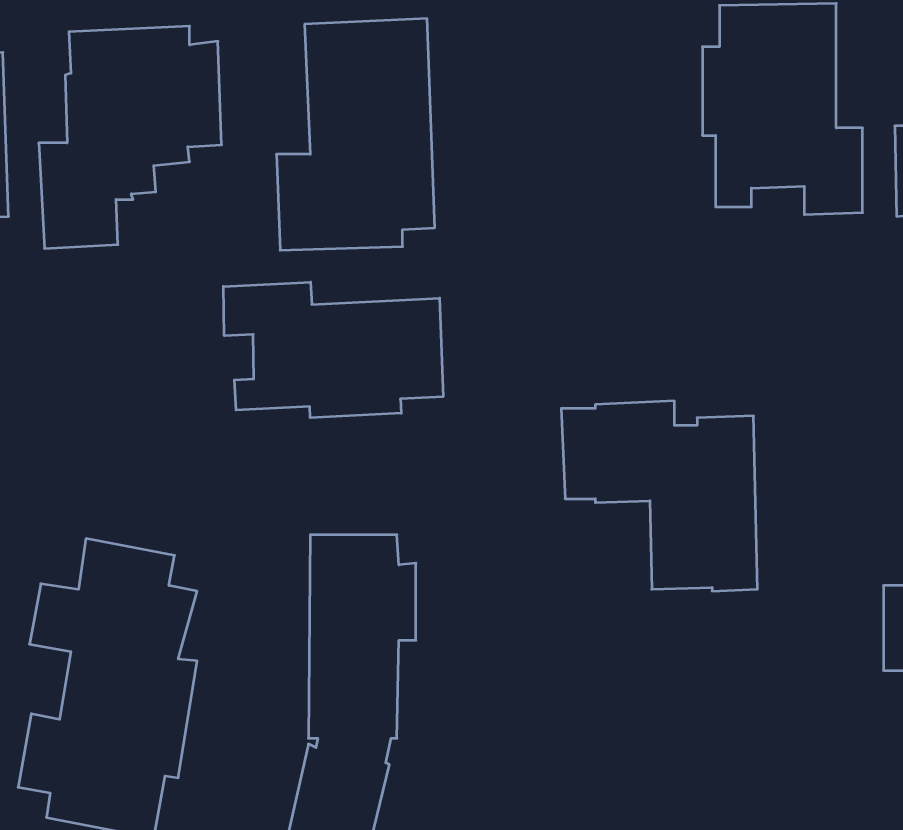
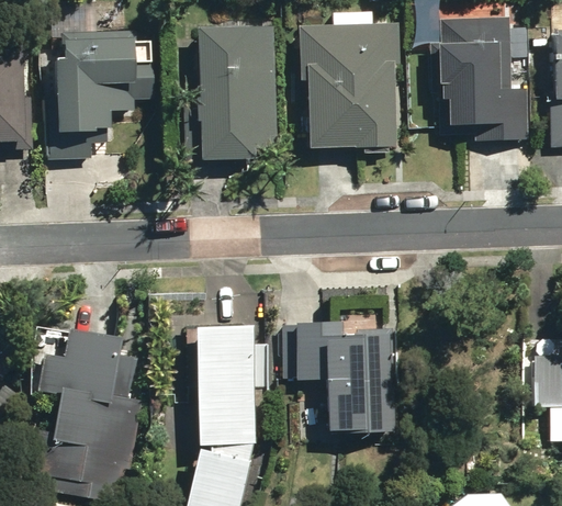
building: none -> [301,23,398,147]
building: [223,282,443,418] -> none
building: [561,401,757,591] -> [279,321,393,431]

